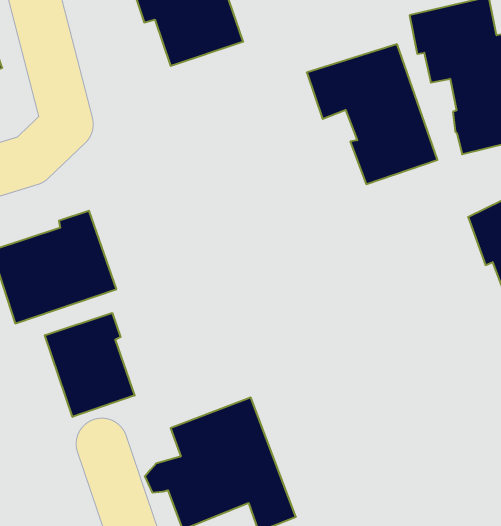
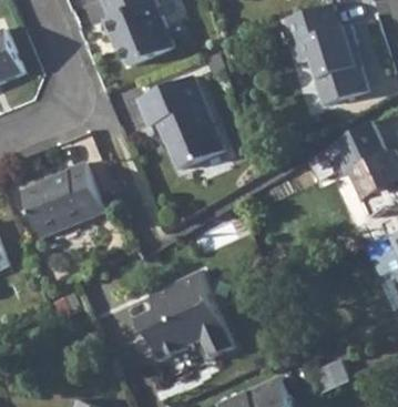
building: [307,44,437,184] -> [139,75,226,166]
building: [45,313,135,417] -> none

